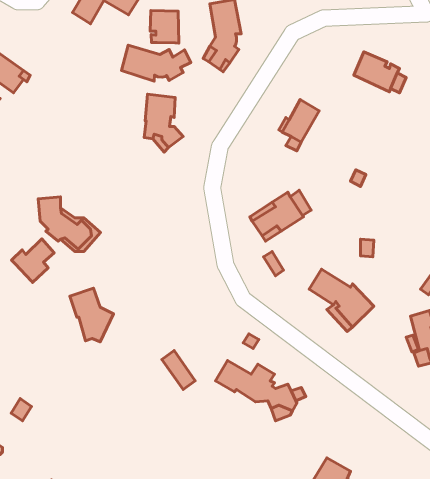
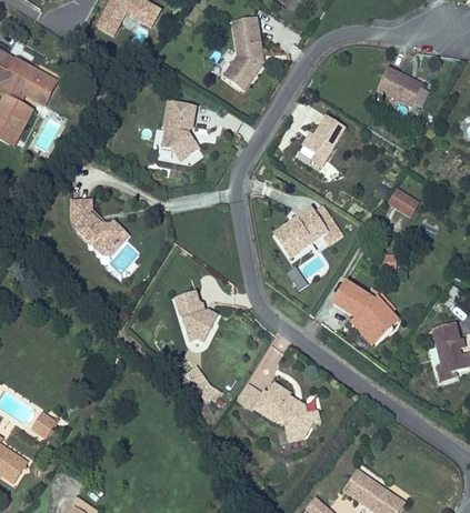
building: [150,11,179,43] -> none
building: [121,45,191,81] -> none
building: none -> [387,188,419,217]
building: [11,239,54,283] -> none
building: [70,288,113,342] -> [174,286,218,340]

